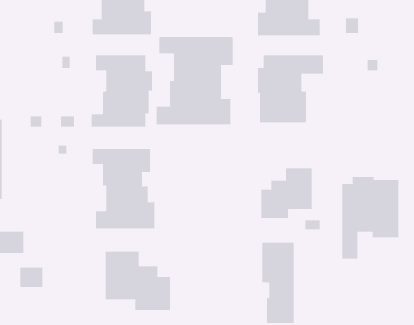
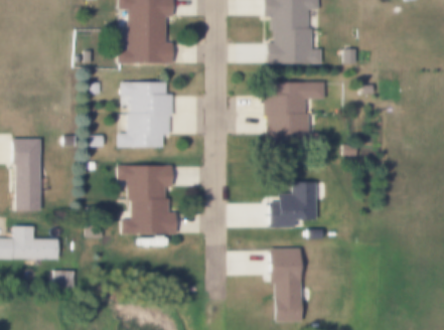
building: [156,36,233,125] -> none
building: [342,176,399,259] -> none
building: [105,251,171,311] -> none

